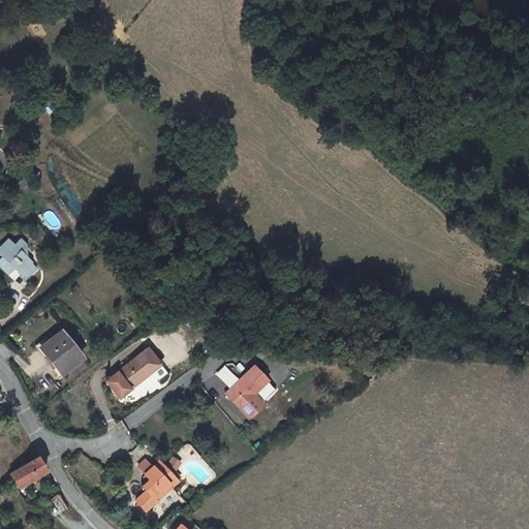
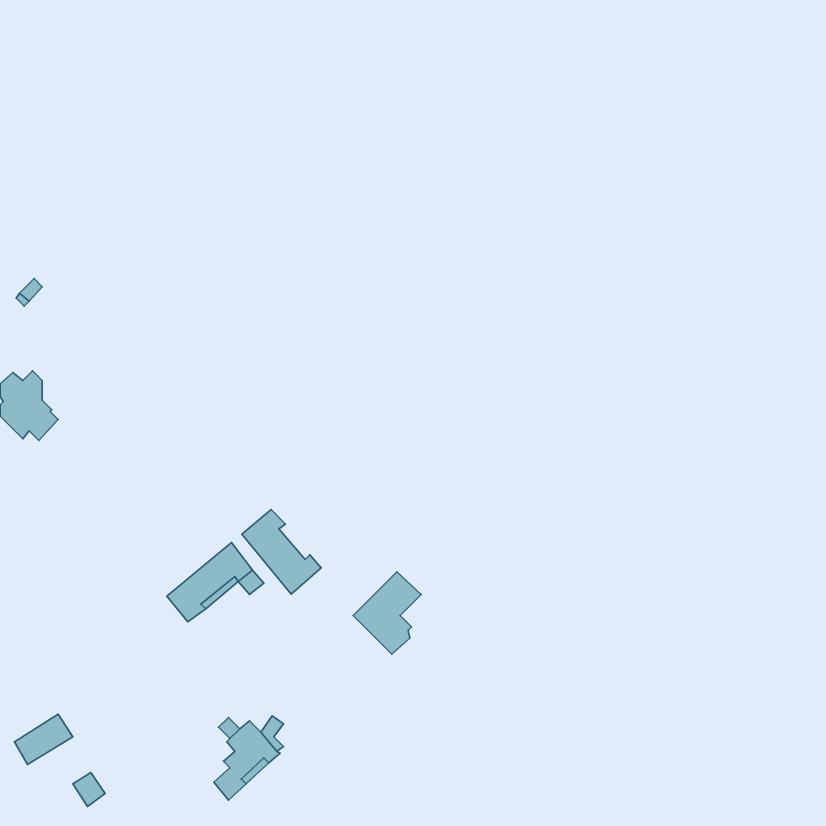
building: none -> [242,510,321,594]
building: [41,331,83,374] -> none

